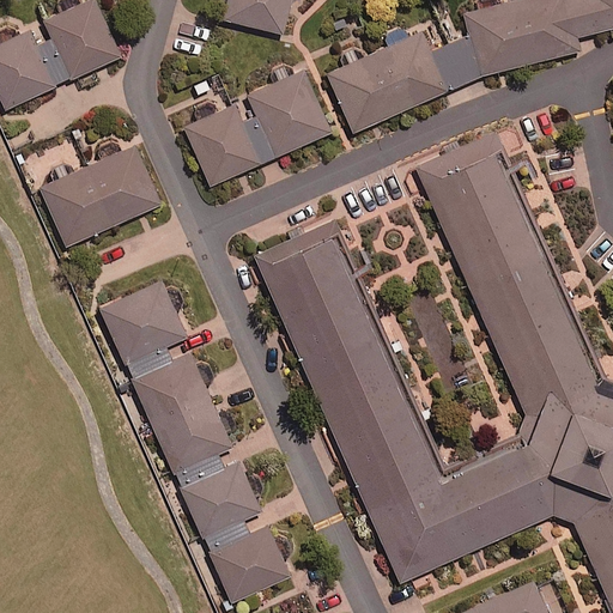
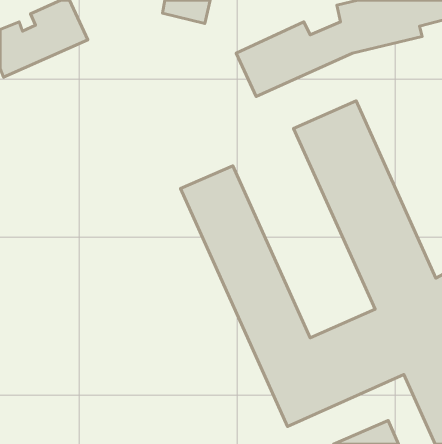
building: [187,69,333,184] -> none
building: [43,145,163,244] -> none
building: [107,281,292,600] -> none

